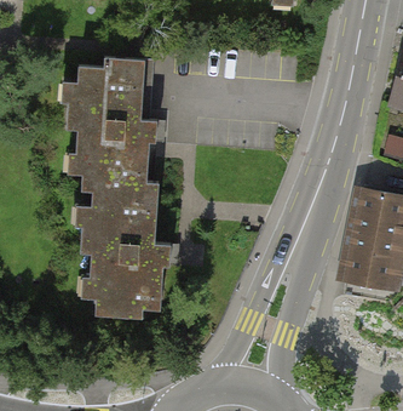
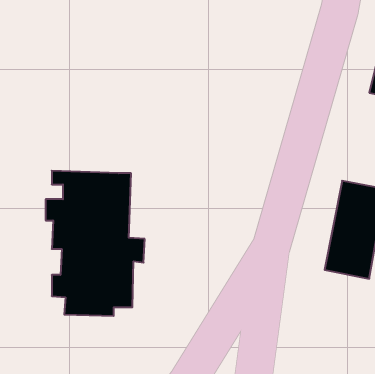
building: [61,59,155,179] -> none

